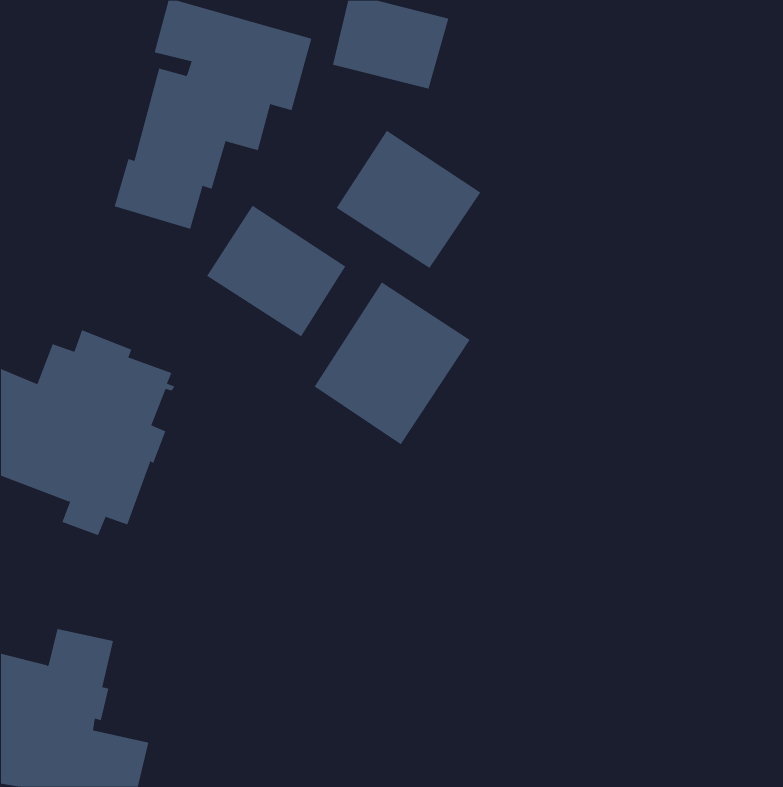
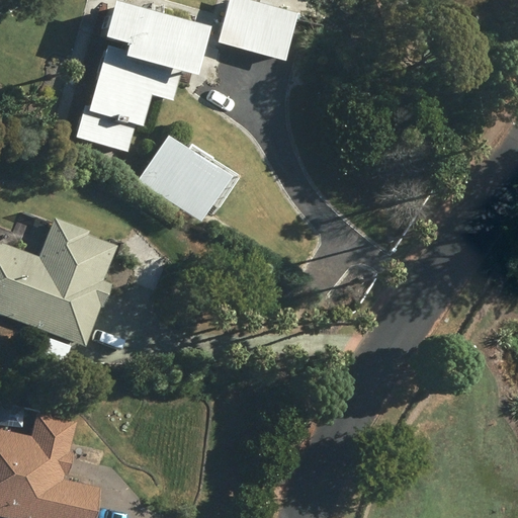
building: [336,130,481,269] -> none
building: [314,282,470,445] -> none

